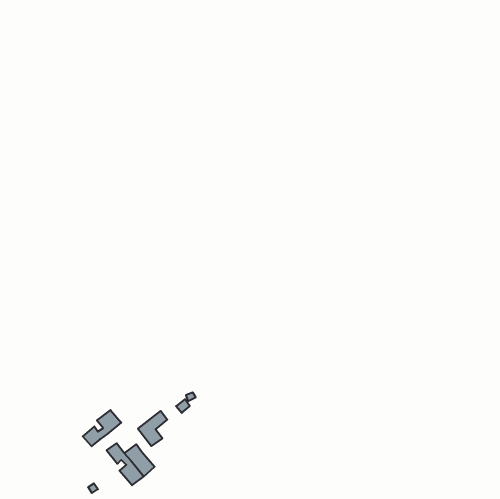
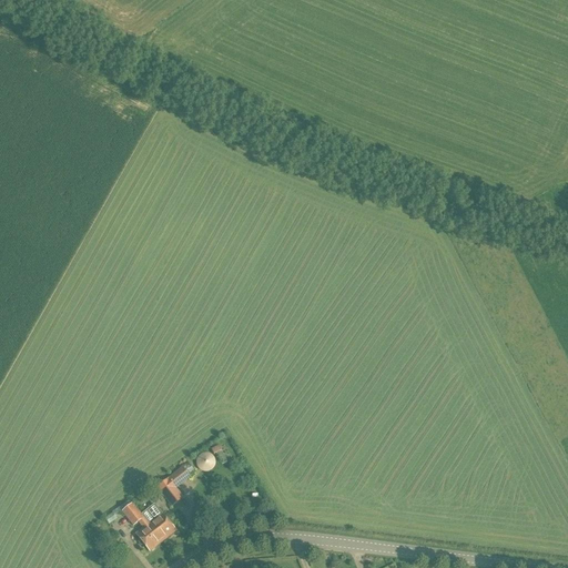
building: [83,410,121,446] -> none

